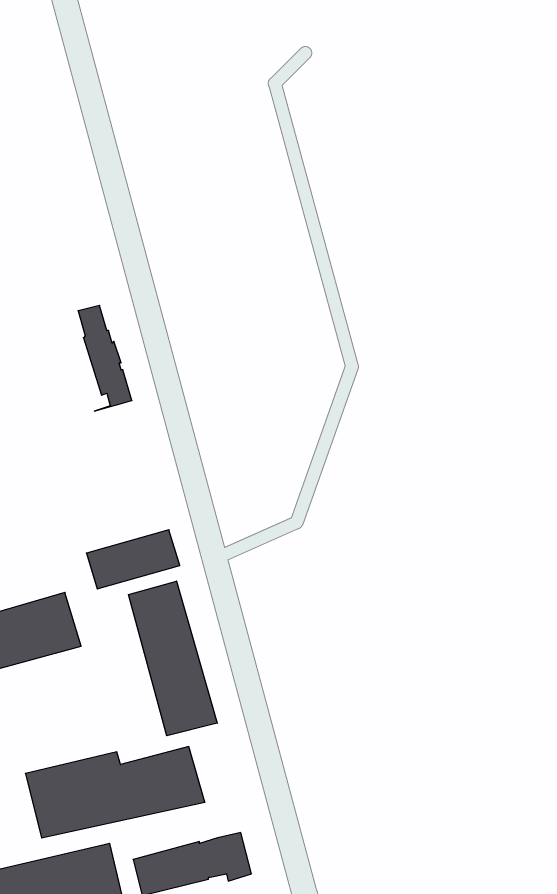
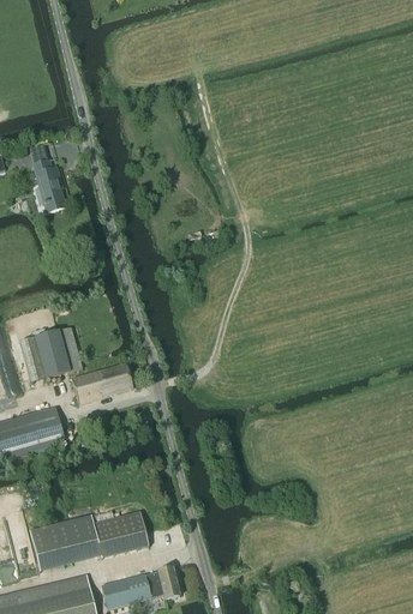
building: [78,305,132,411] -> [29,143,65,213]
building: none -> [19,325,82,383]
building: [129,581,217,736] -> none

